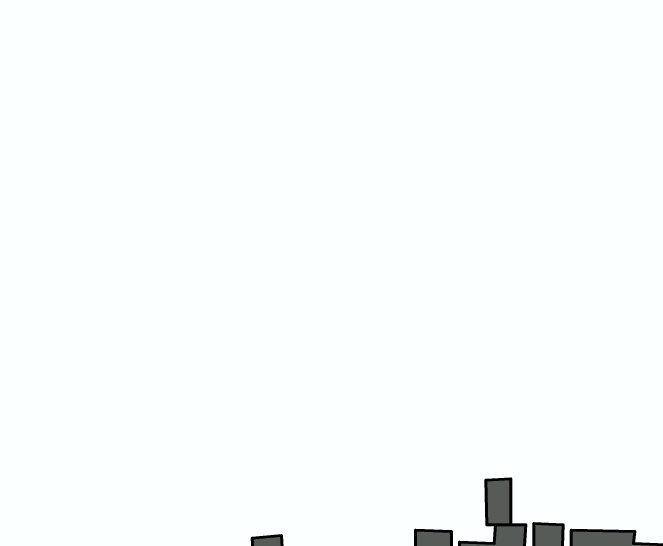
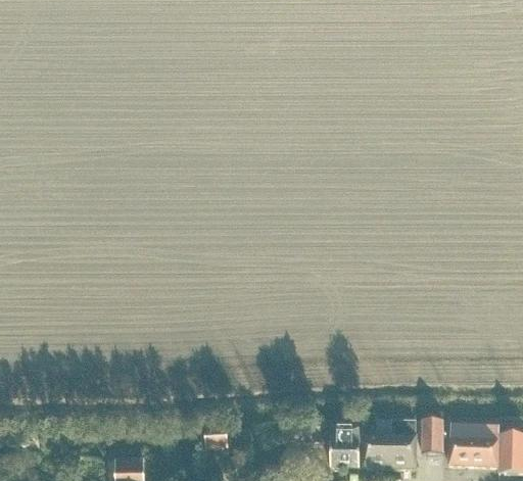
building: [486,479,511,525] -> none

